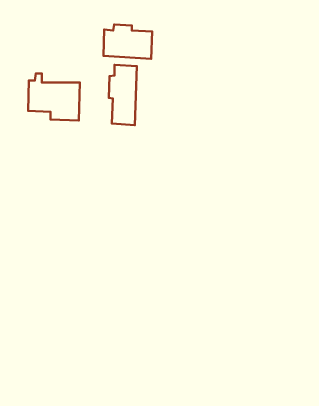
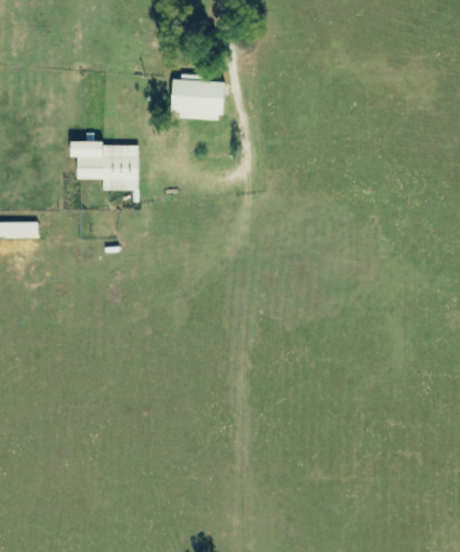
building: [109,65,137,125] -> none

